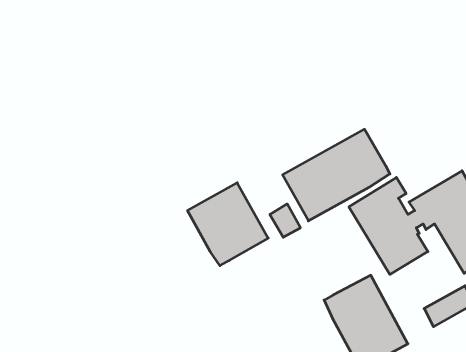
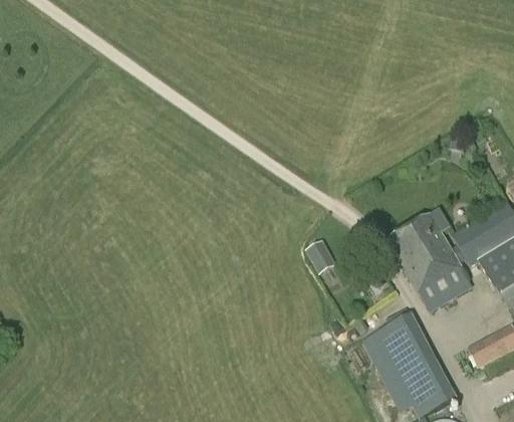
building: [283,129,390,221] -> none
building: [188,183,268,266] -> none

